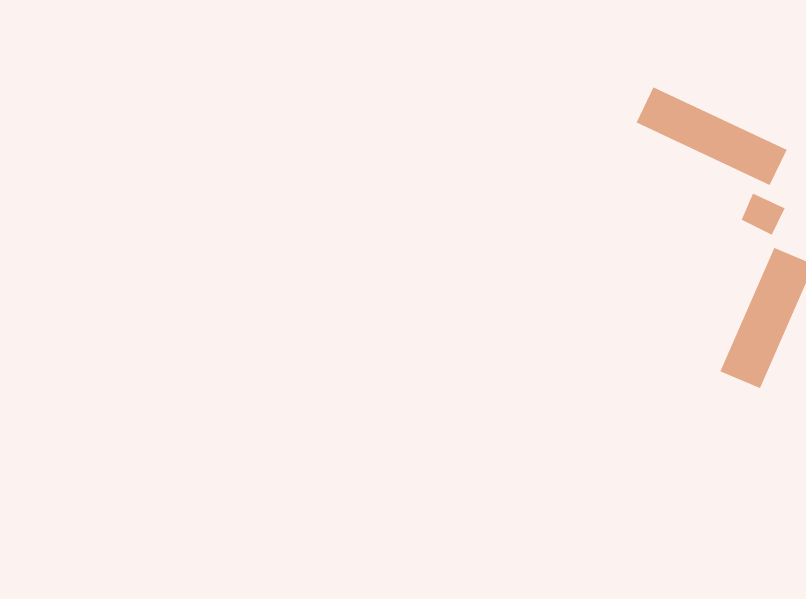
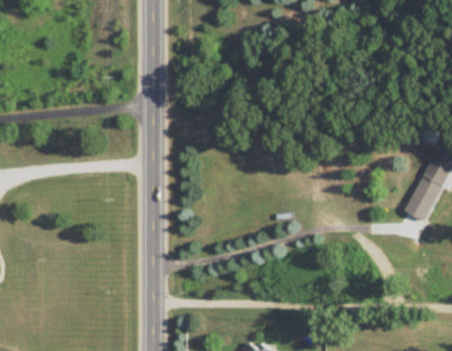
building: [636,86,787,186] -> none

